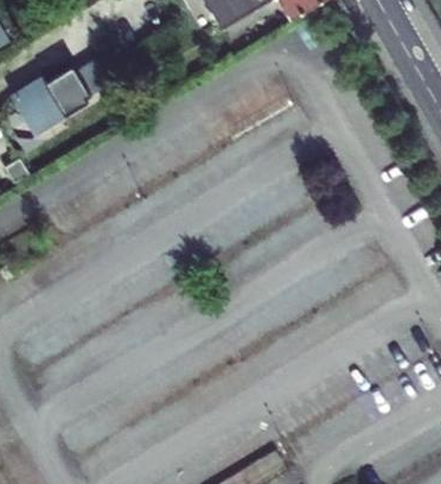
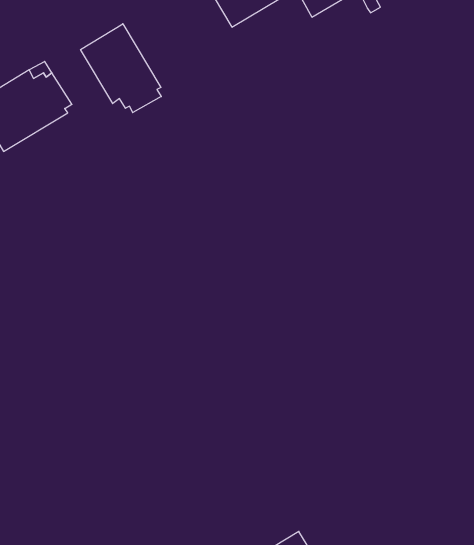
building: none -> [81,24,161,113]

